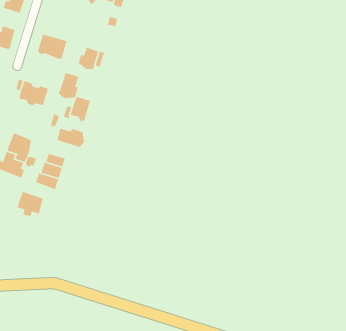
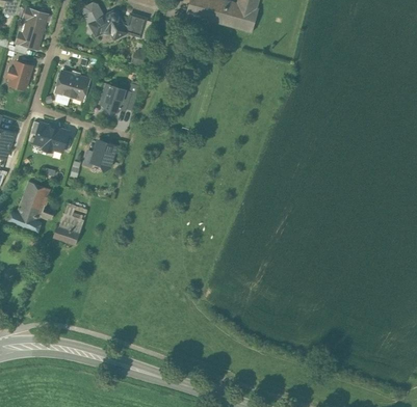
building: [58,72,79,99] -> none
building: [57,128,85,148] -> none
building: [16,191,44,217] -> none

